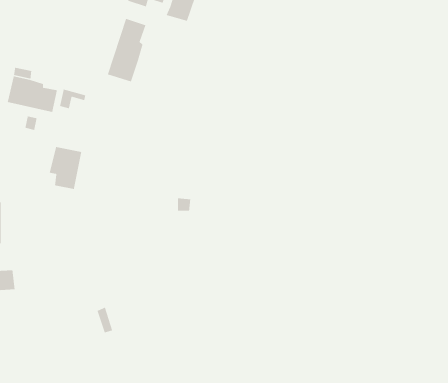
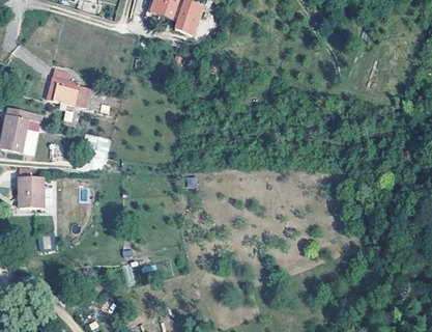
building: [107,18,146,83] -> none

